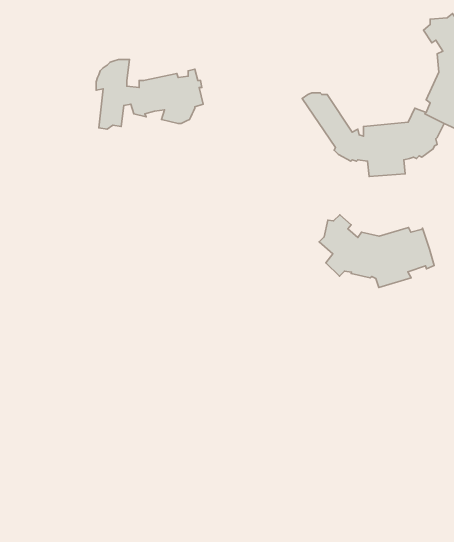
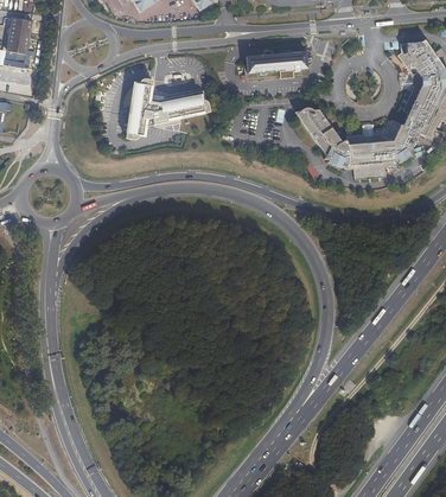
building: none -> [244,46,312,72]
building: [319,215,434,288] -> none

